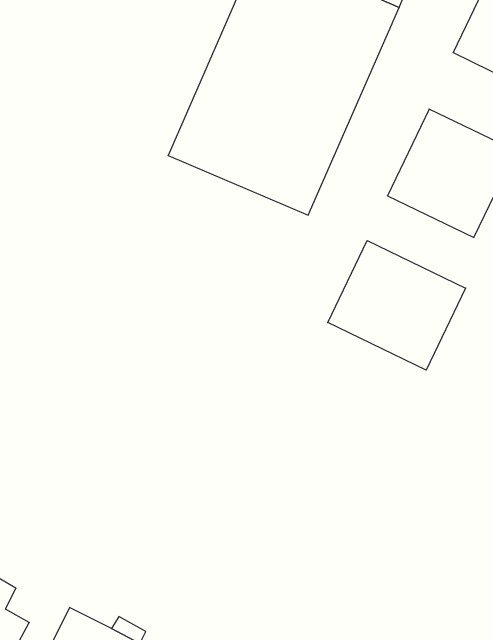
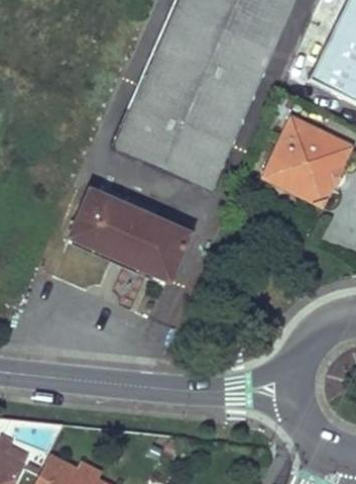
building: none -> [73,190,199,285]
building: [328,241,466,370] -> none

